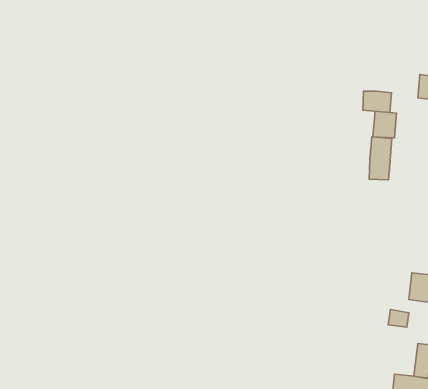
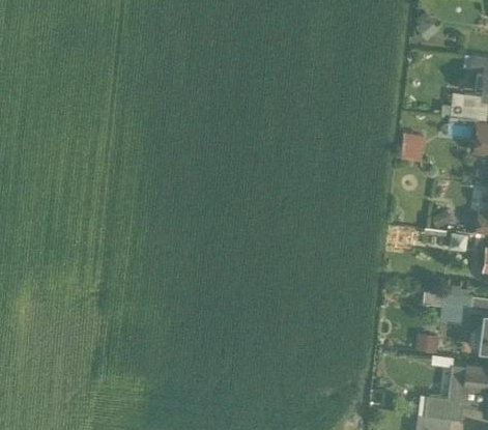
building: [363,91,392,112] -> none
building: [369,137,392,180] -> none

